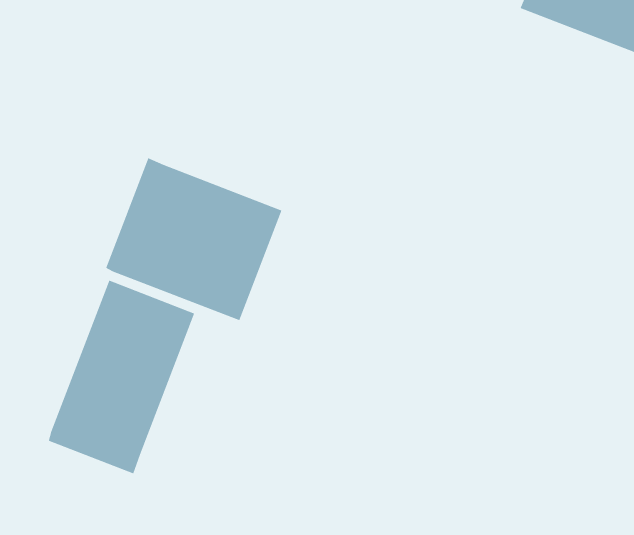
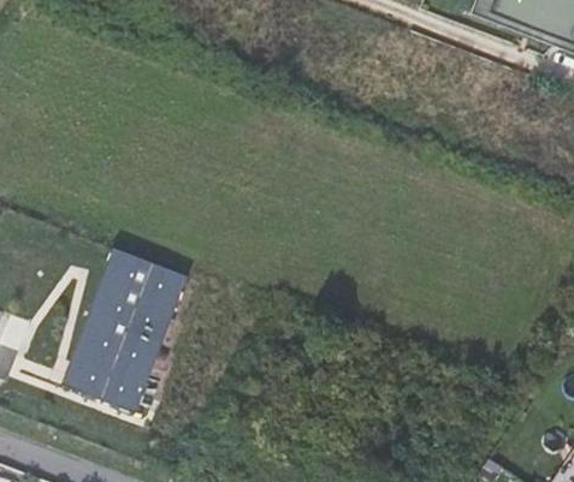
building: [105,157,282,321] -> none

